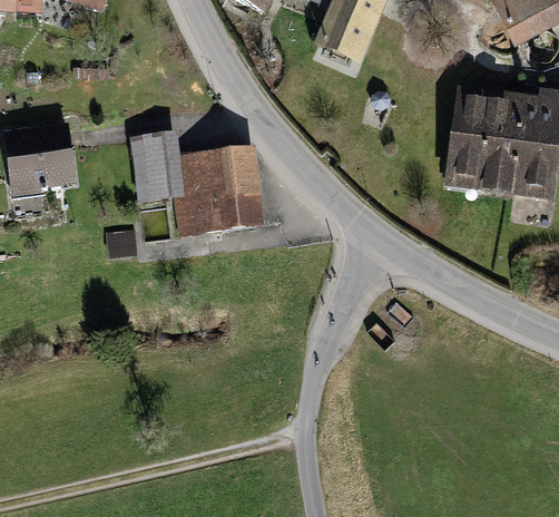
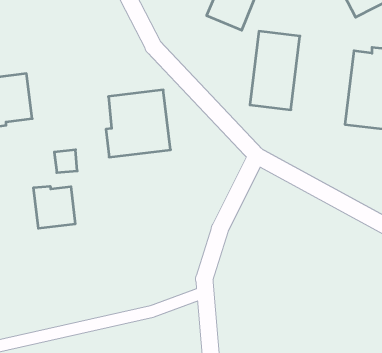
building: [445,85,513,192] -> [250,31,300,110]
building: [129,130,184,203] -> none
building: none -> [34,186,75,228]

